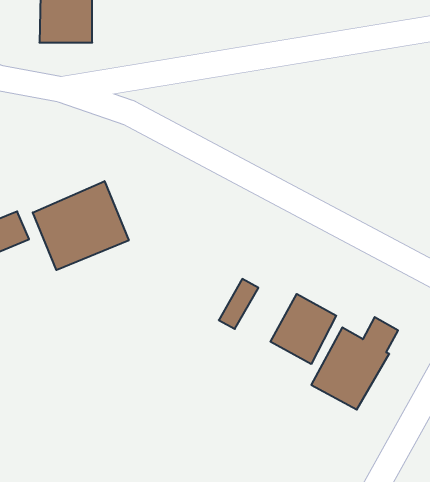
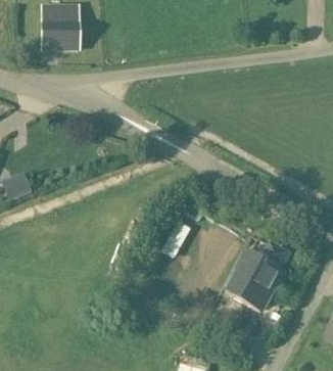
building: [33,181,129,270] -> none
building: [270,294,336,364] -> none

